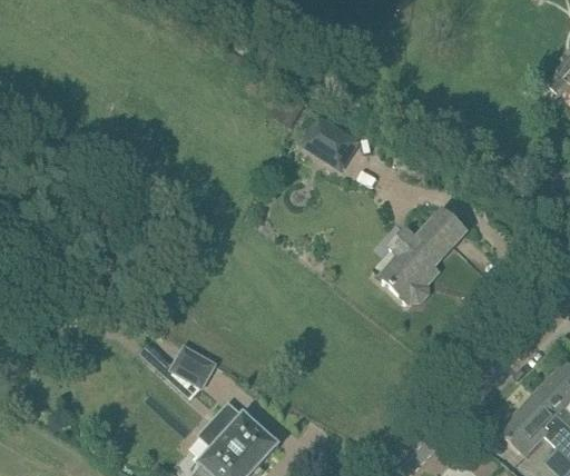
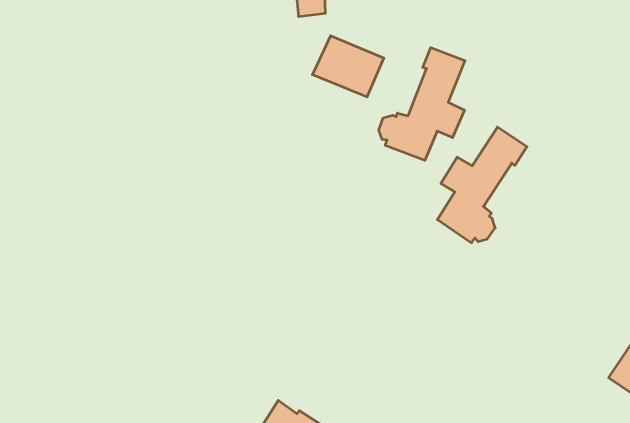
building: none -> [379,48,465,160]
building: [170,344,216,386] -> none

